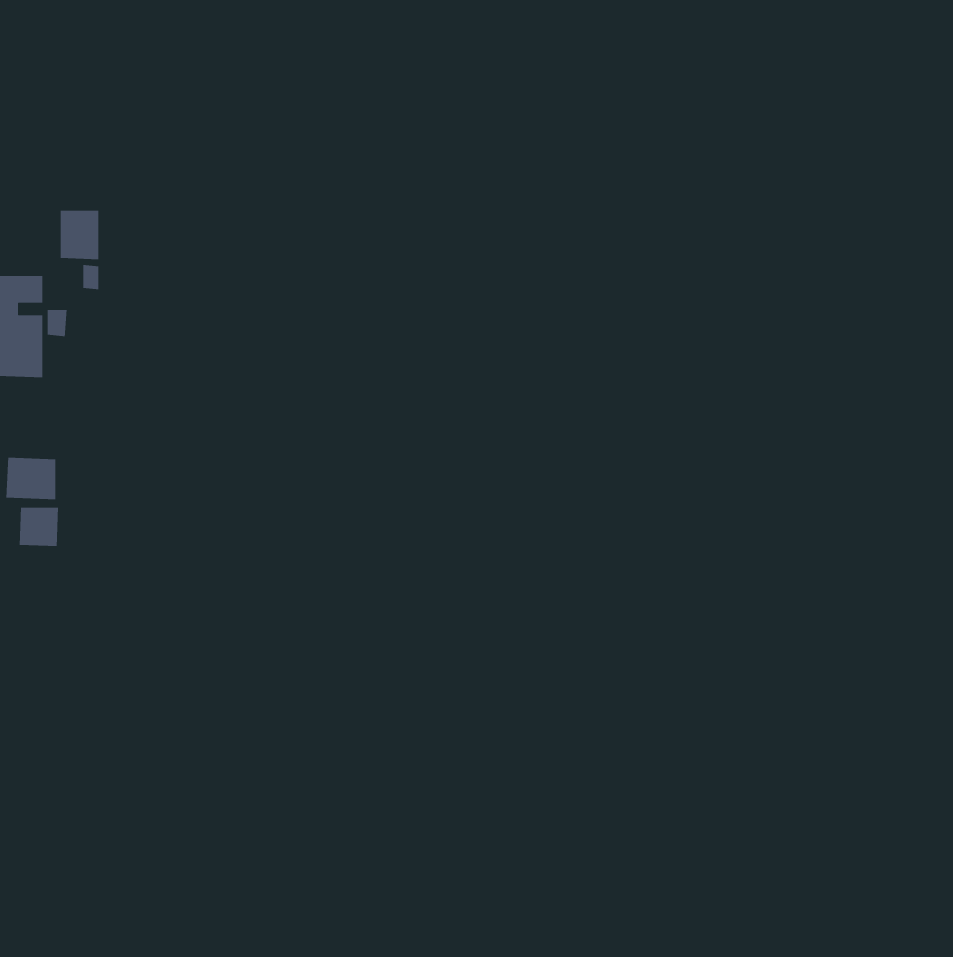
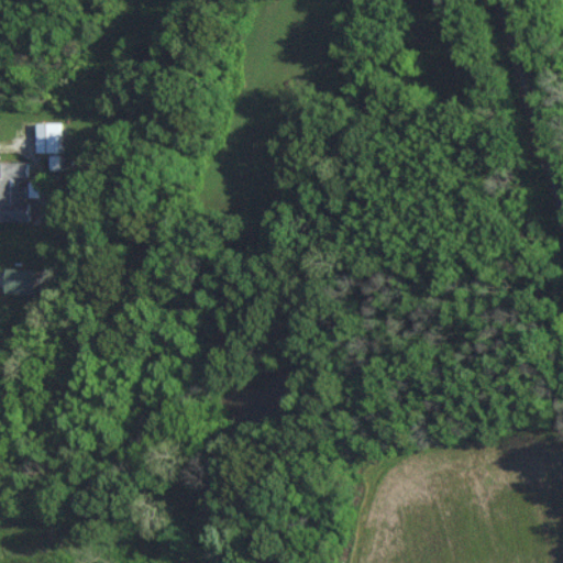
building: [19,507,59,547] -> none

